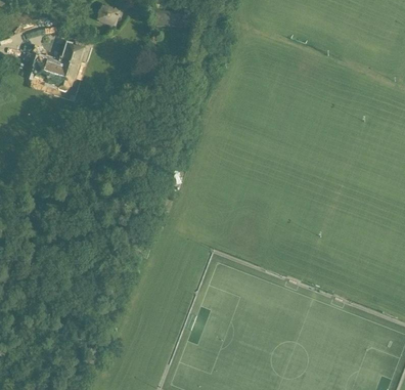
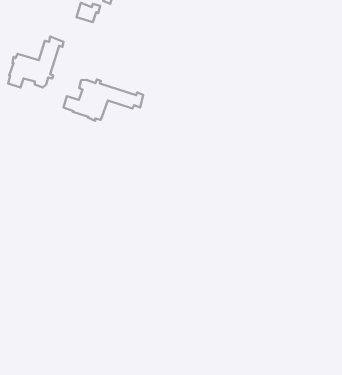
building: none -> [64,80,143,121]

